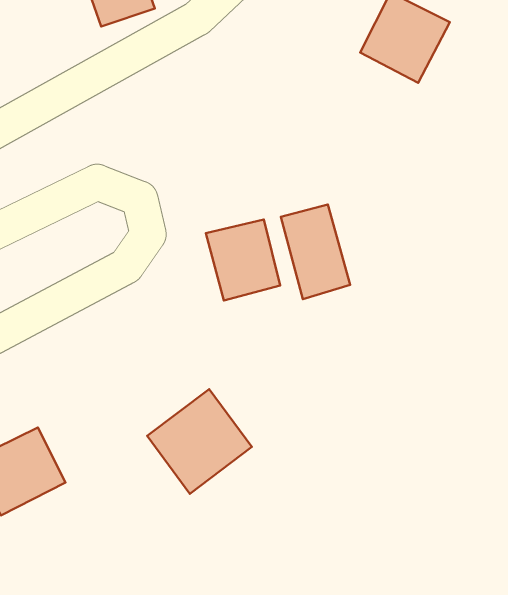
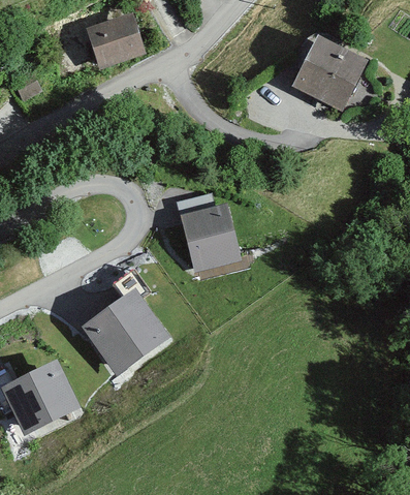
building: [281,205,350,299] -> none
building: [147,389,252,494] -> [87,291,165,370]

